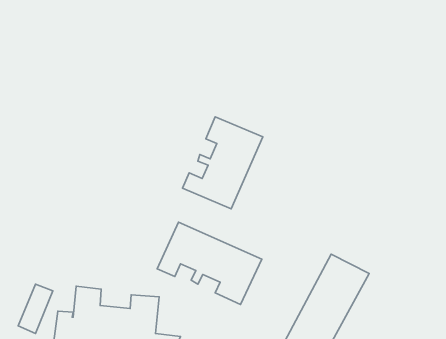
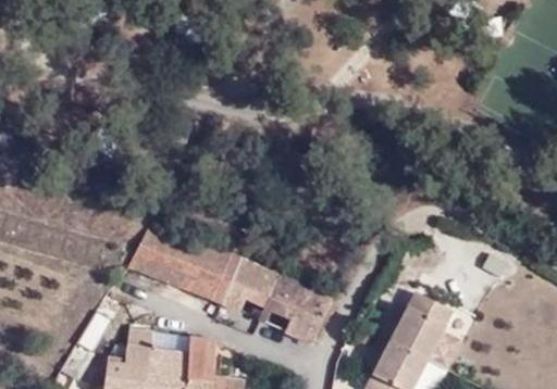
building: [183,117,263,209] -> none
building: none -> [125,217,245,308]

